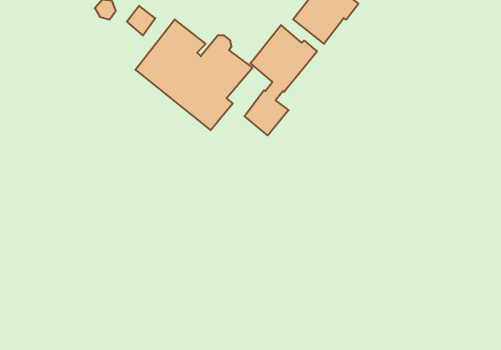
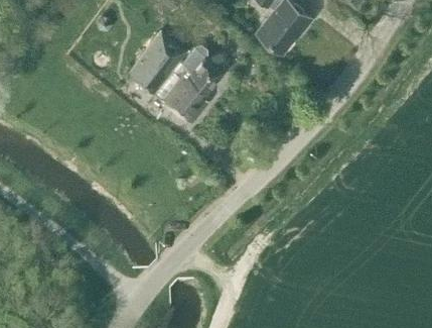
building: [244,25,317,135] -> none

